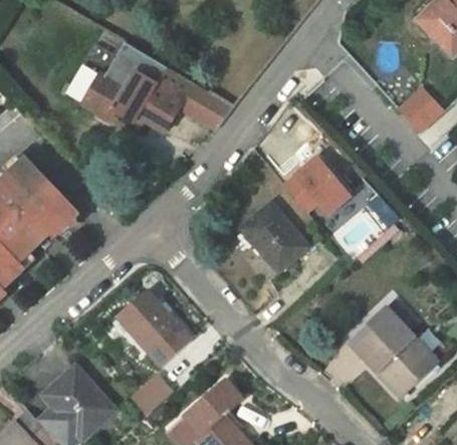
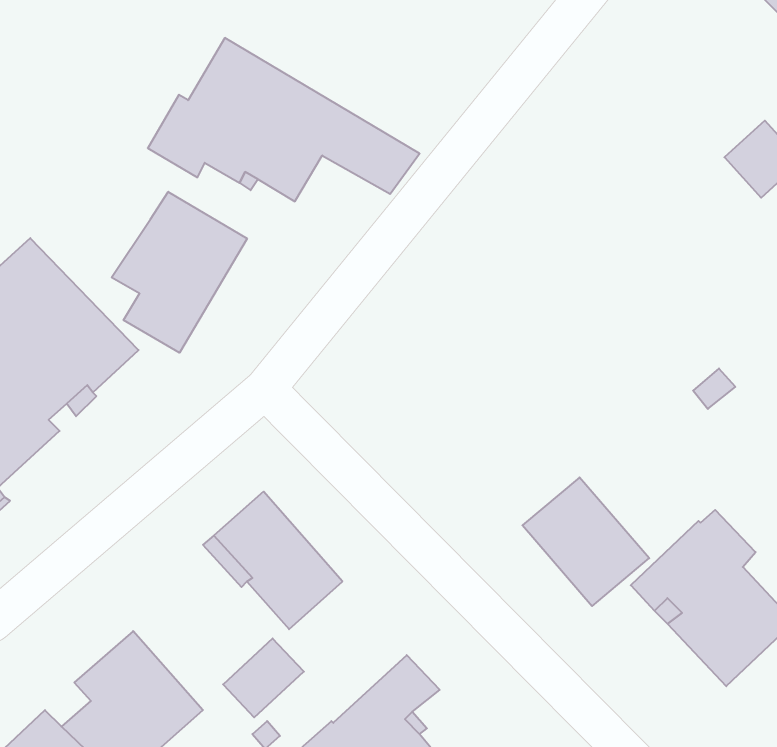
building: none -> [112,192,247,353]
building: [283,157,350,213] -> none
building: [239,202,308,272] -> [522,477,649,606]

